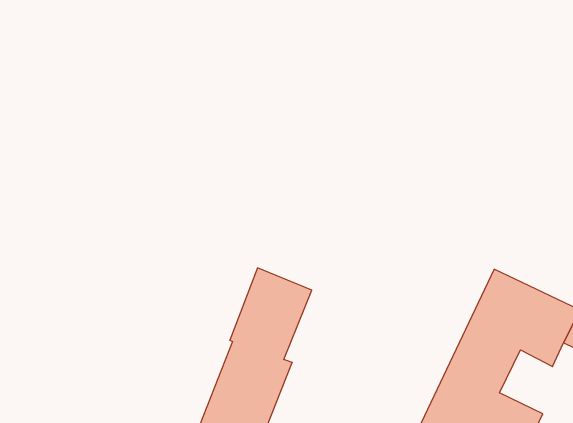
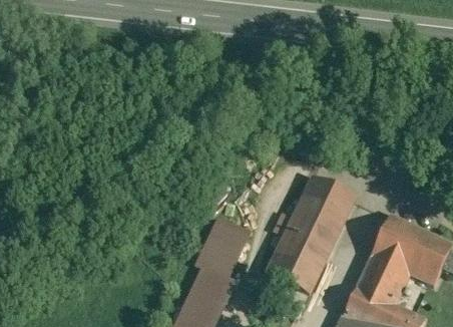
building: none -> [265,179,351,292]

